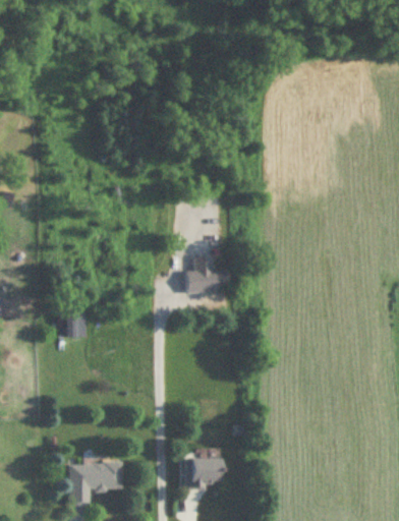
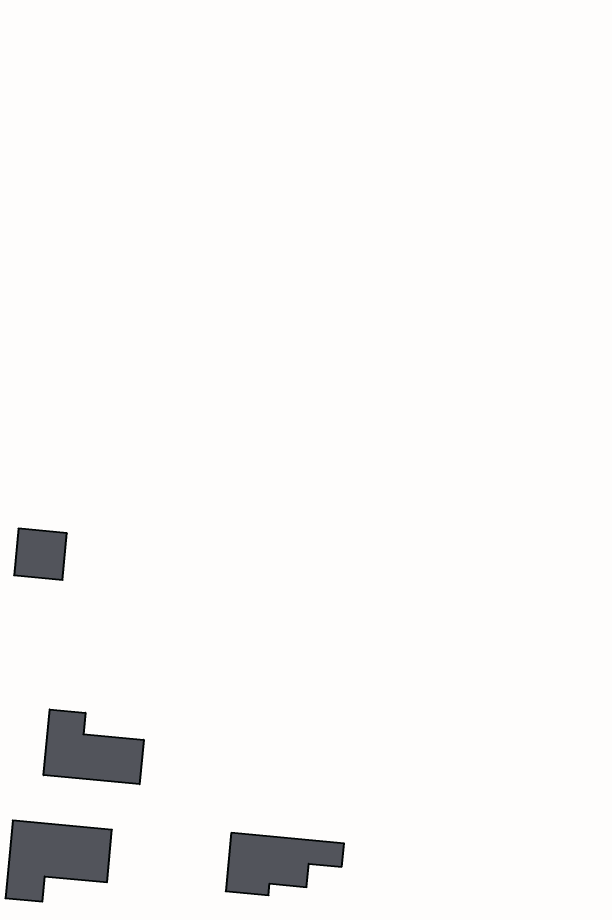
building: [183,255,228,292] -> none
building: none -> [44,709,144,784]

